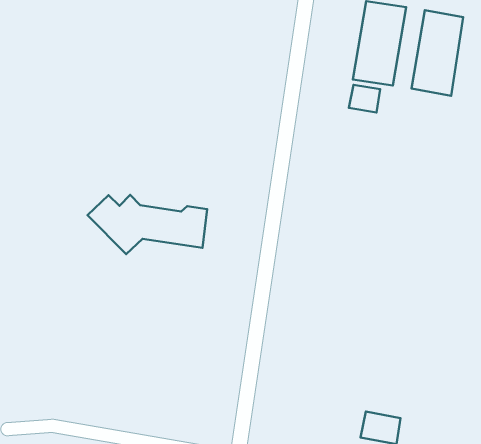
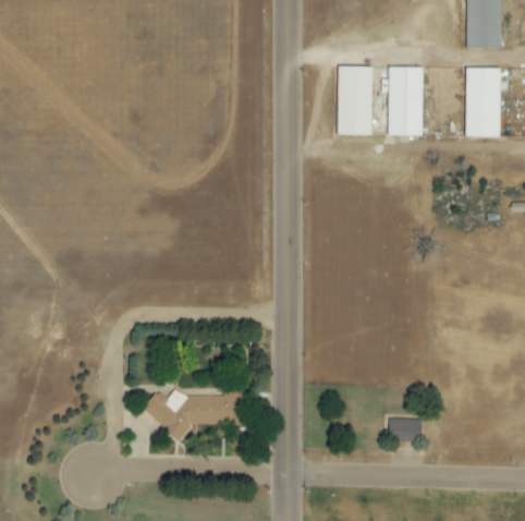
building: [349,85,380,113] -> none
building: [88,195,207,254] -> [142,388,244,439]

